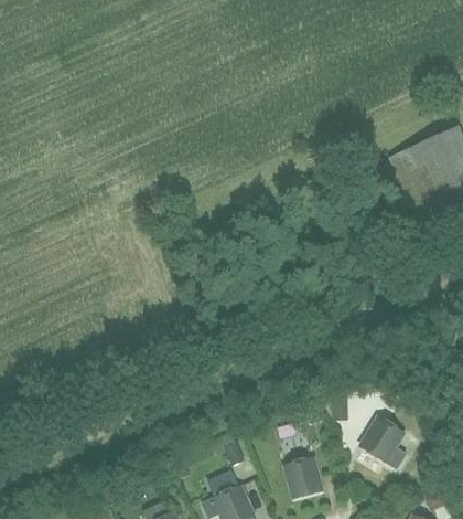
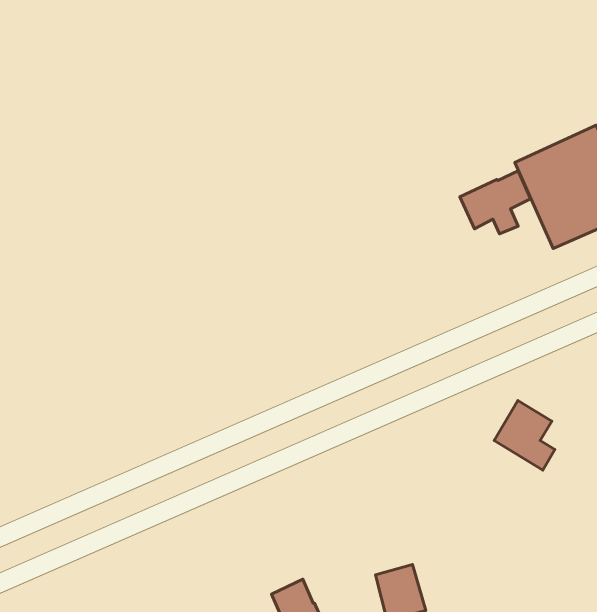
building: none -> [460,171,531,234]
building: [360,416,406,468] -> [494,400,555,470]

